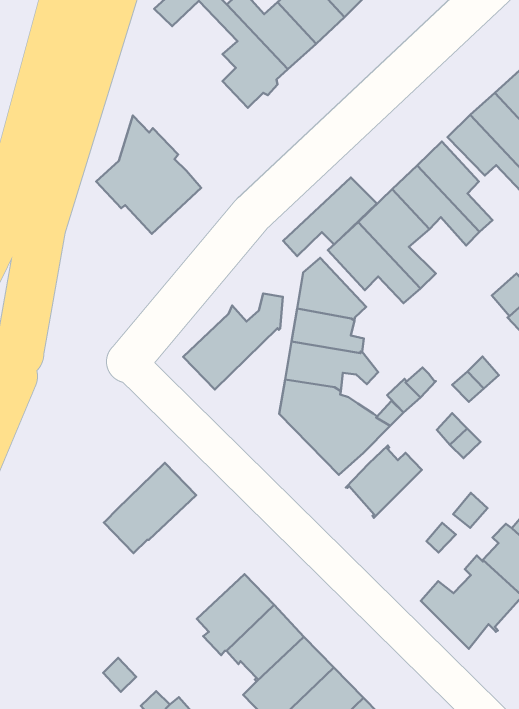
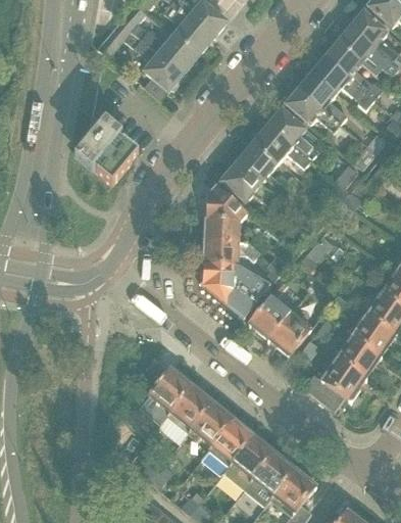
building: [283,178,377,256] -> none
building: [183,293,283,389] -> none
building: [104,463,196,553] -> [140,367,194,424]
building: none -> [268,312,311,355]

